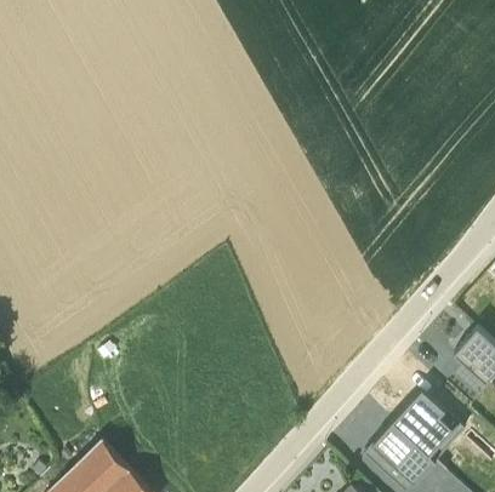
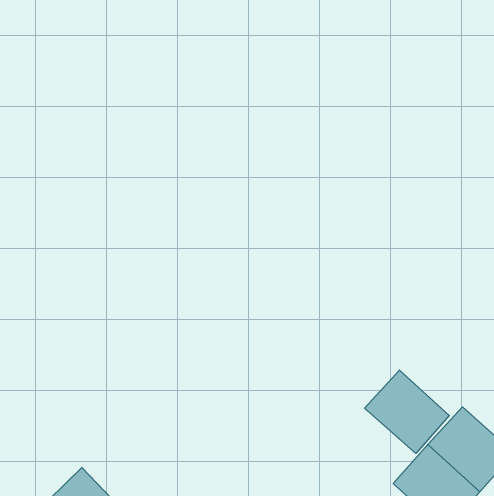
building: none -> [365,370,449,453]

